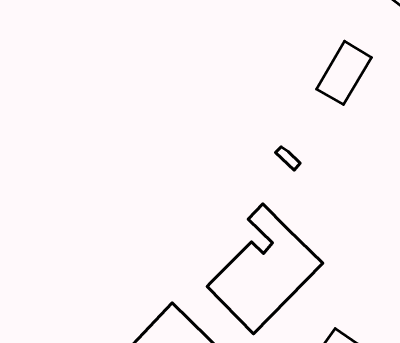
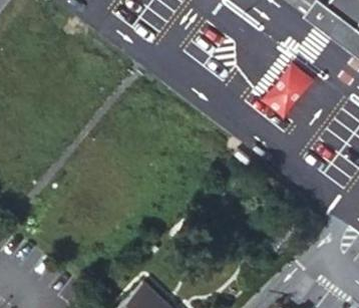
building: [207,204,323,334] -> none

